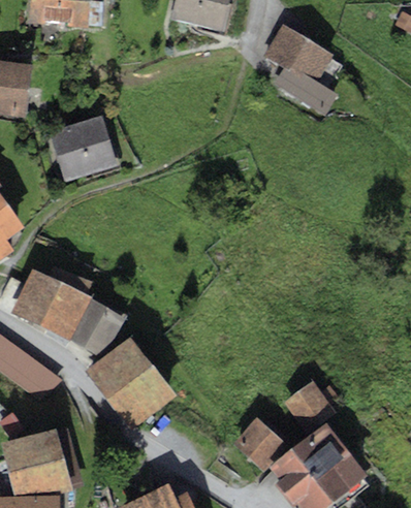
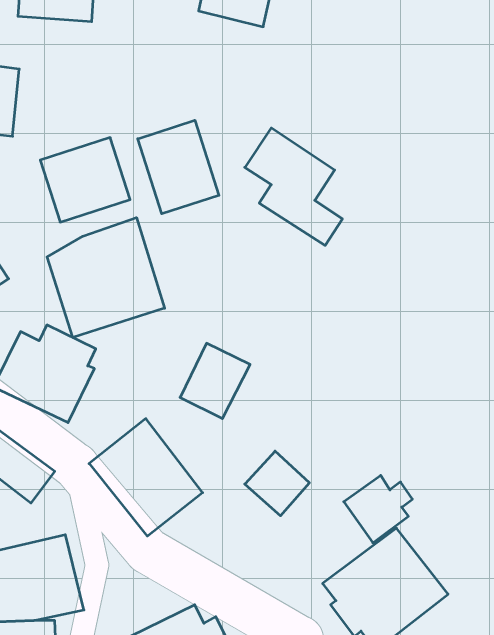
building: [262,24,339,116] -> [245,128,342,245]
building: none -> [138,120,219,214]
building: none -> [47,218,165,338]
building: [69,297,124,356] -> [180,343,250,419]
building: [233,417,284,468] -> [245,451,309,516]

